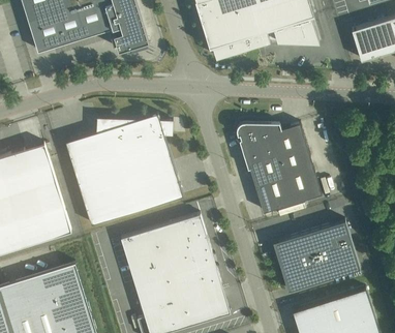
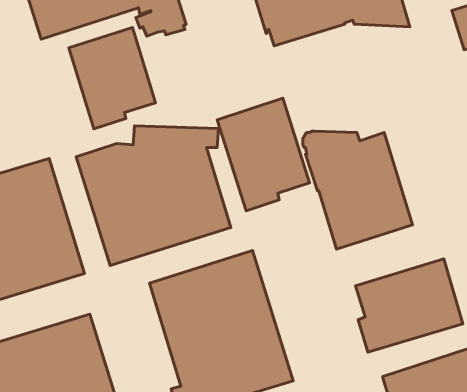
building: none -> [69,27,155,129]
building: none -> [217,98,310,211]

